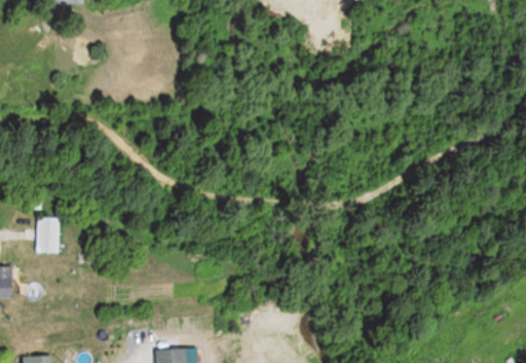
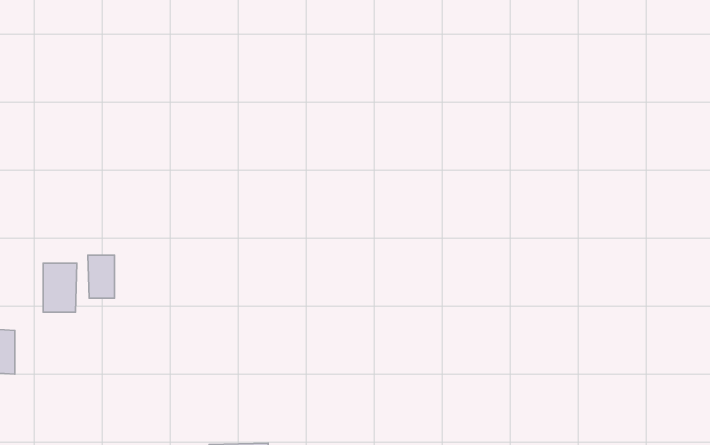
building: none -> [88,255,114,298]

